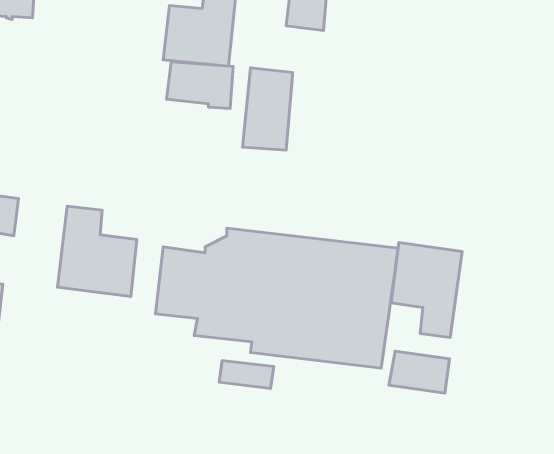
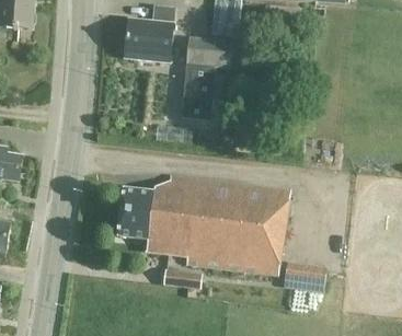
building: [166,62,233,109] -> [186,36,233,69]
building: [58,206,137,296] -> none
building: [391,243,462,338] -> none

